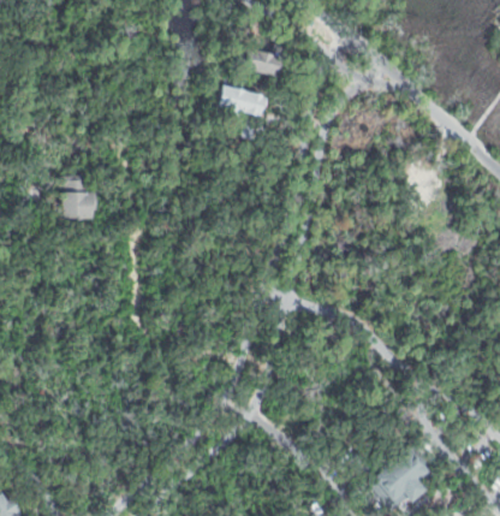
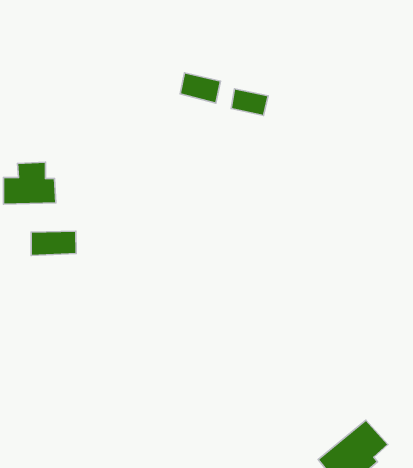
building: [244,49,282,77] -> [231,89,268,116]
building: none -> [31,231,76,256]

